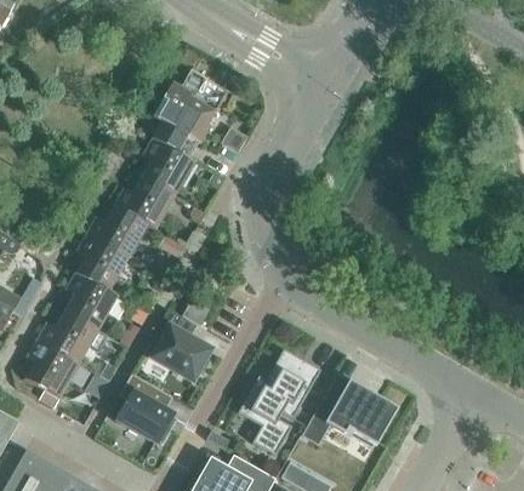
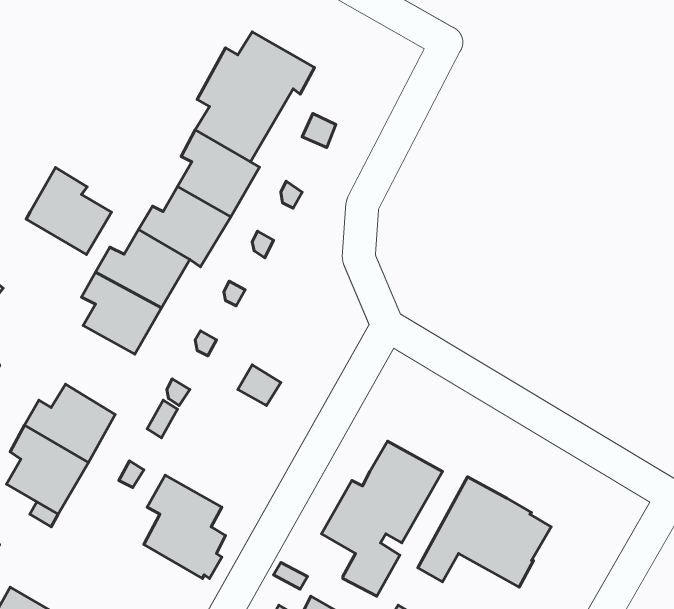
building: none -> [26,168,112,255]
building: [63,272,118,332] -> none
building: [148,315,205,386] -> none

